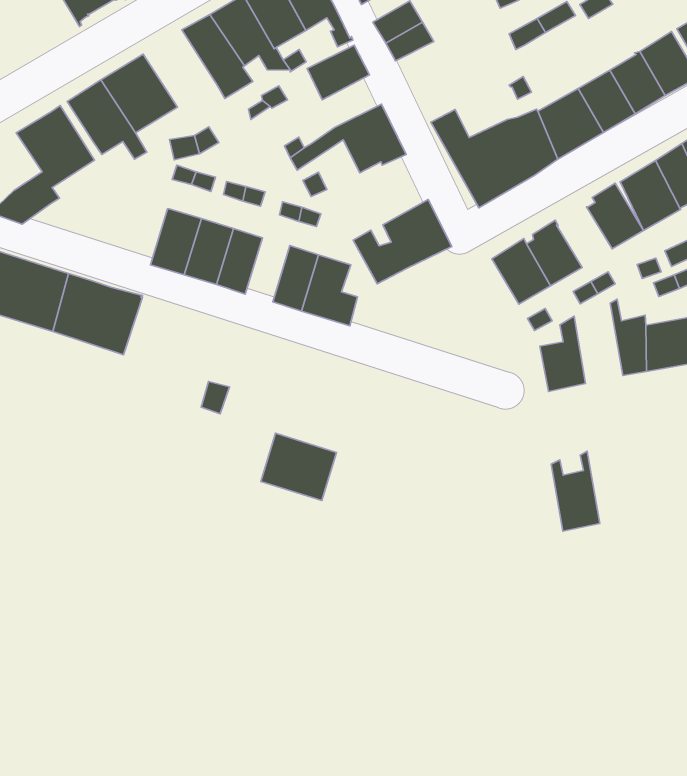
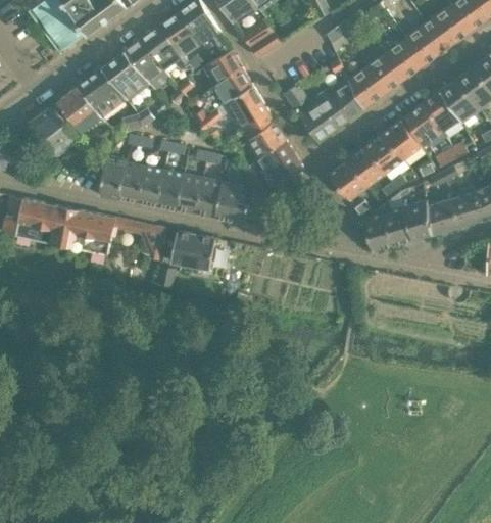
building: none -> [102,50,150,100]
building: none -> [200,66,252,112]
building: none -> [243,113,287,159]
building: none -> [99,155,128,197]
building: none -> [367,132,403,173]
building: none -> [180,174,204,212]
building: none -> [114,218,165,258]
building: [261,433,337,501] -> [171,230,216,269]
building: [551,451,600,531] -> [384,193,418,244]

